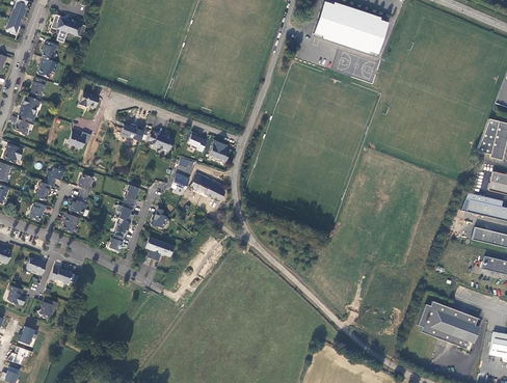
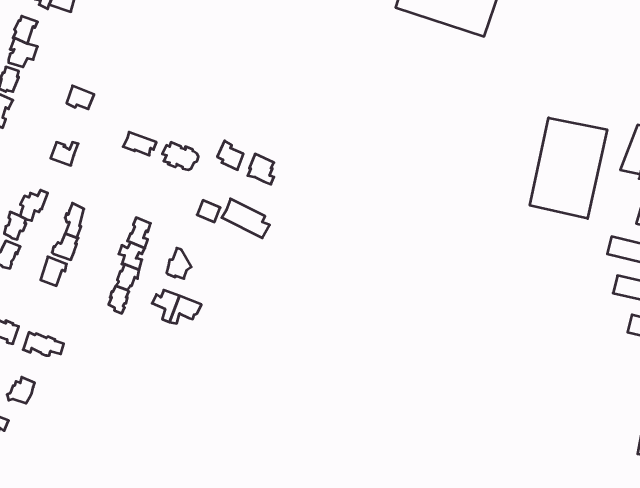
building: none -> [530,118,607,219]
building: [417,300,479,348] -> none

